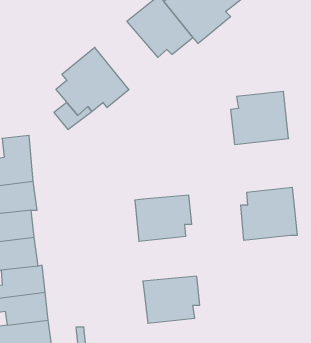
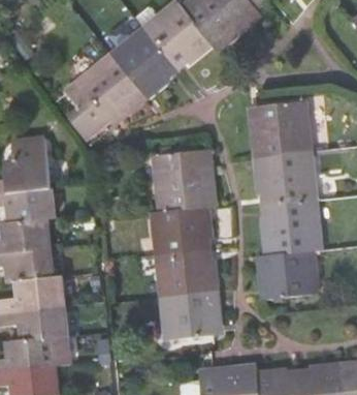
building: none -> [111,27,176,97]
building: none -> [256,148,316,204]
building: none -> [155,150,216,211]
building: none -> [258,248,318,297]
building: none -> [157,249,217,296]

